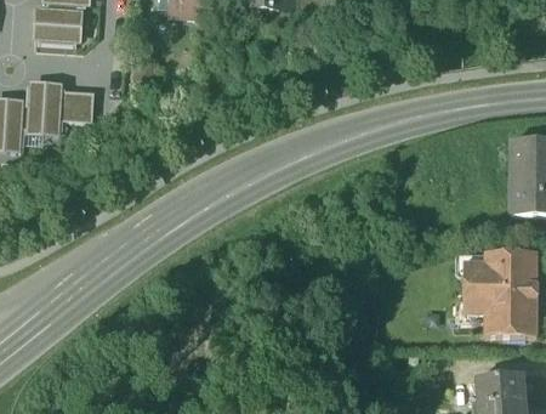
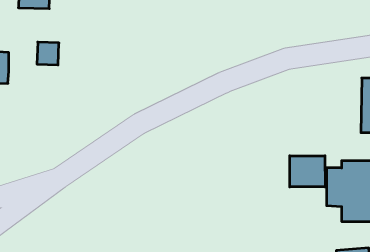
building: [24,87,64,134] -> none
building: none -> [290,156,325,187]

